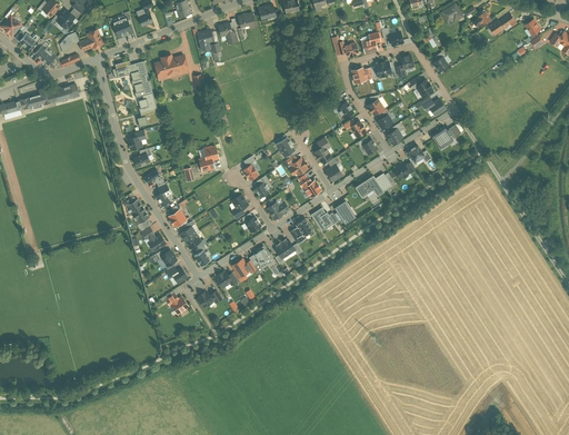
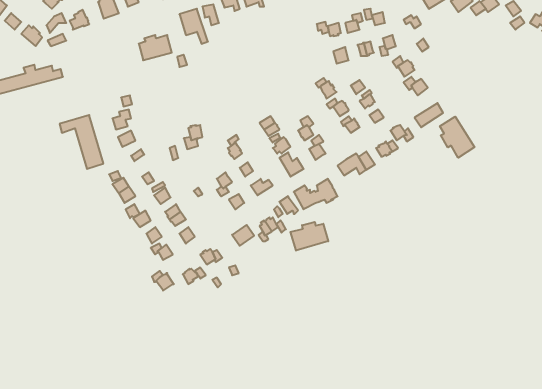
building: [112,60,157,115] -> [60,115,103,169]
building: none -> [440,117,474,158]
building: none -> [290,222,328,251]

